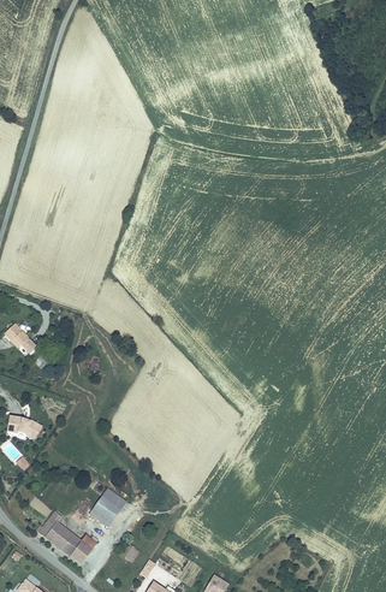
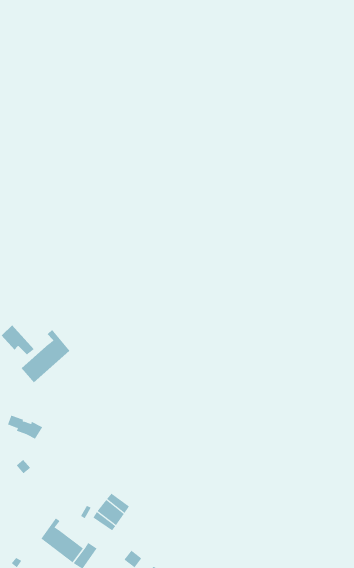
building: none -> [21,329,70,383]

